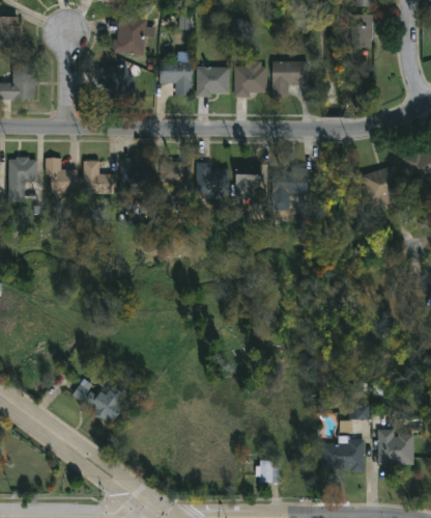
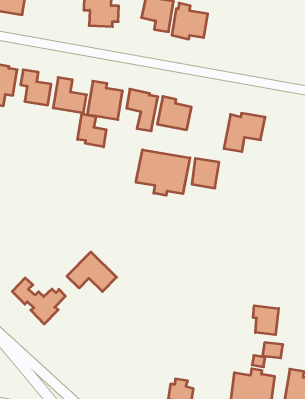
building: [234,60,261,97] -> none
building: [271,60,309,97] -> none
building: [234,162,260,190] -> [192,158,219,188]
building: none -> [78,114,106,147]
building: none -> [136,150,190,195]
building: none -> [67,252,117,292]
building: none -> [253,306,279,335]

